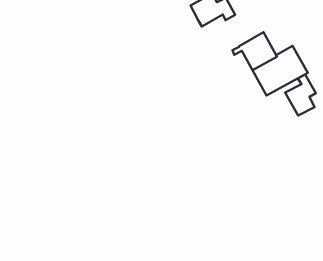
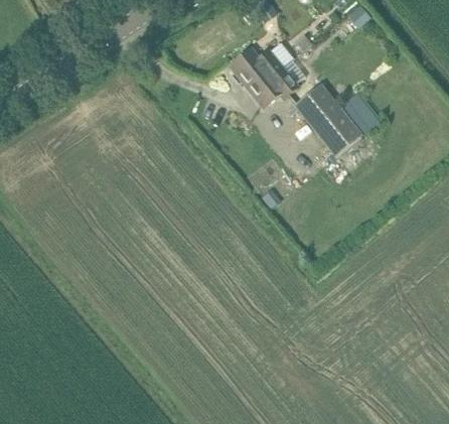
building: none -> [247,67,297,106]
building: [285,74,316,116] -> none

